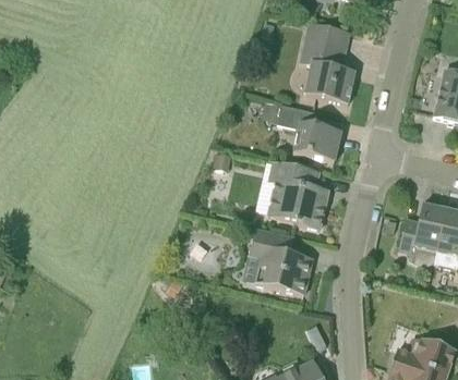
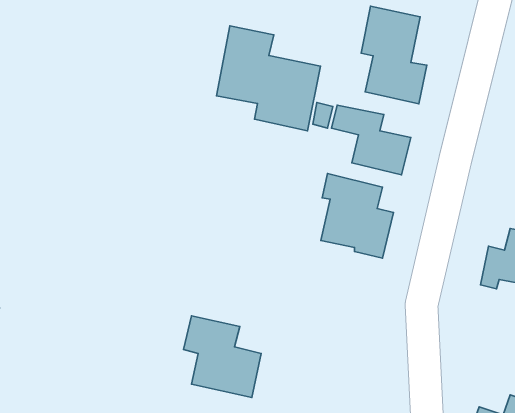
building: none -> [216,26,320,131]
building: [249,226,312,293] -> [183,316,261,398]

